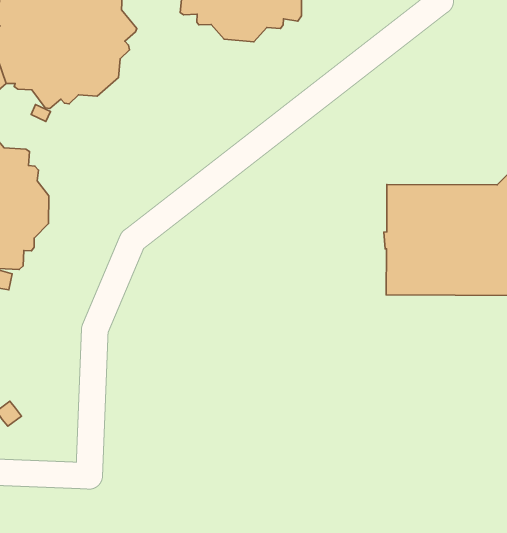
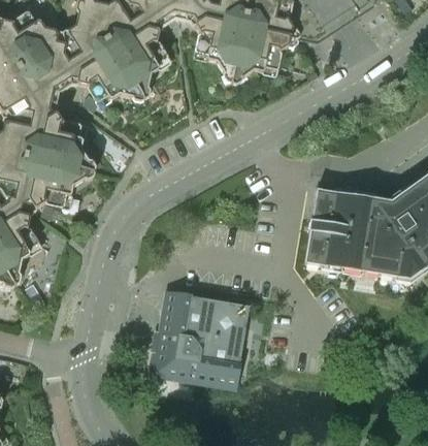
building: none -> [150,289,244,387]

